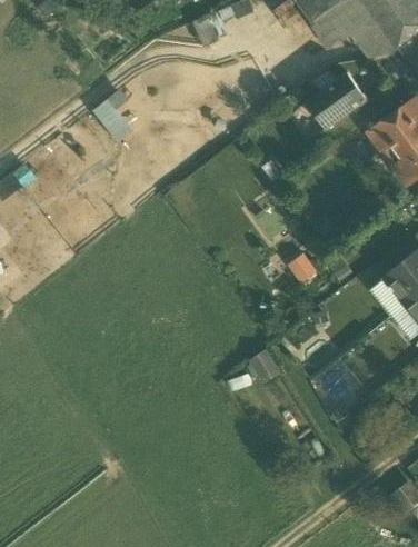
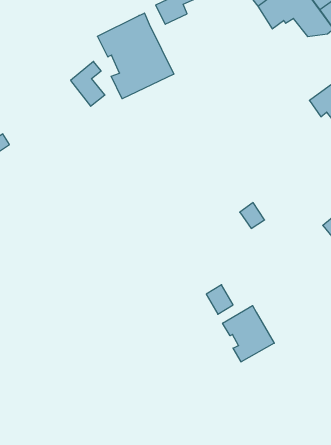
building: none -> [97,13,174,99]
building: [306,72,369,129] -> none
building: none -> [223,306,274,362]

